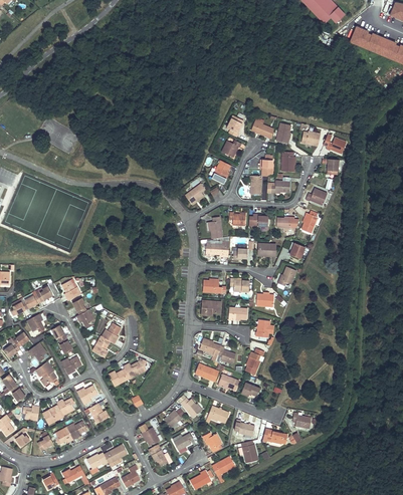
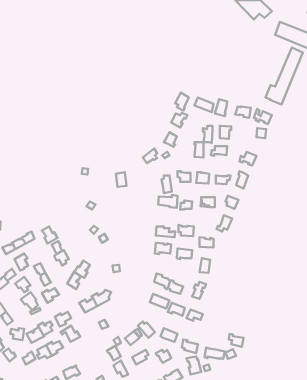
building: none -> [265,47,303,104]

